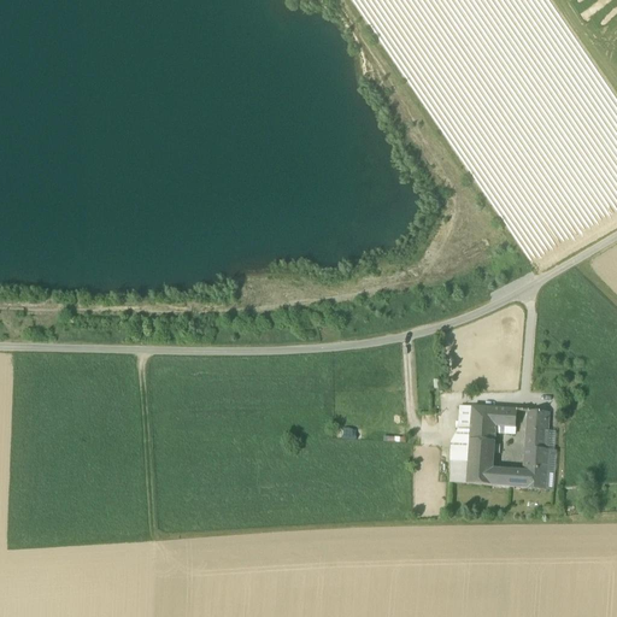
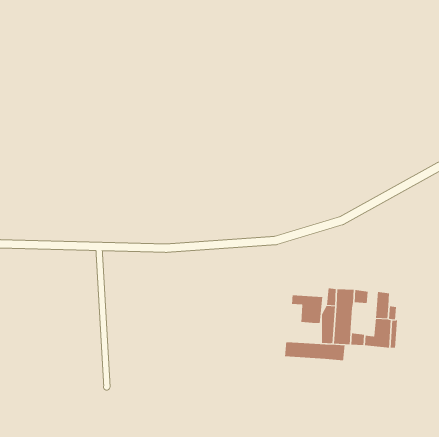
building: none -> [292,295,323,324]
building: none -> [284,341,345,361]

